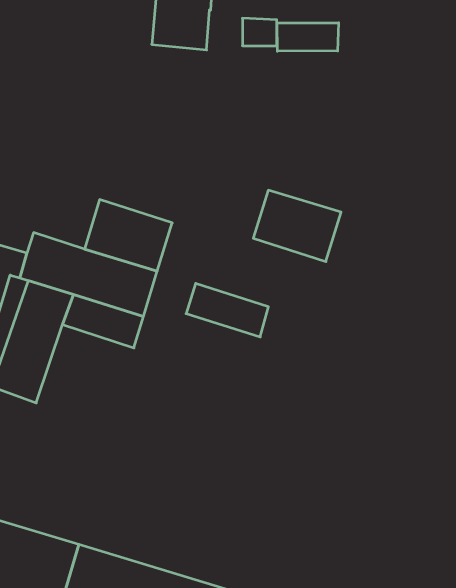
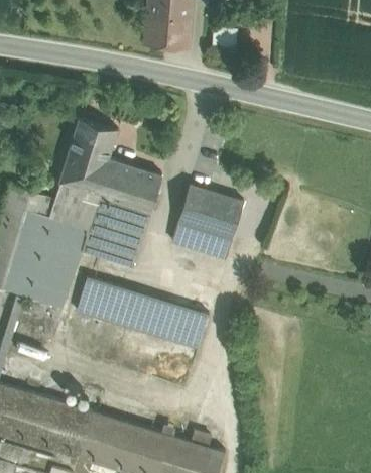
building: [277,23,339,51] -> none
building: none -> [59,119,117,196]
building: [253,190,341,262] -> [178,186,243,238]
building: none -> [77,279,208,350]

